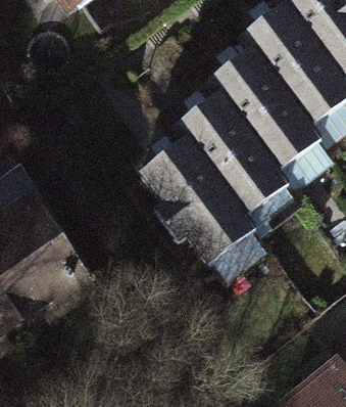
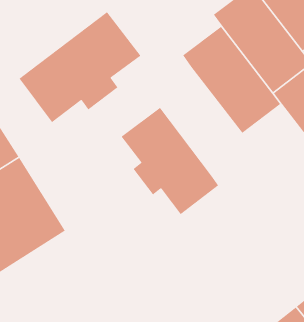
building: none -> [18,11,142,123]
building: [172,98,282,218] -> none

